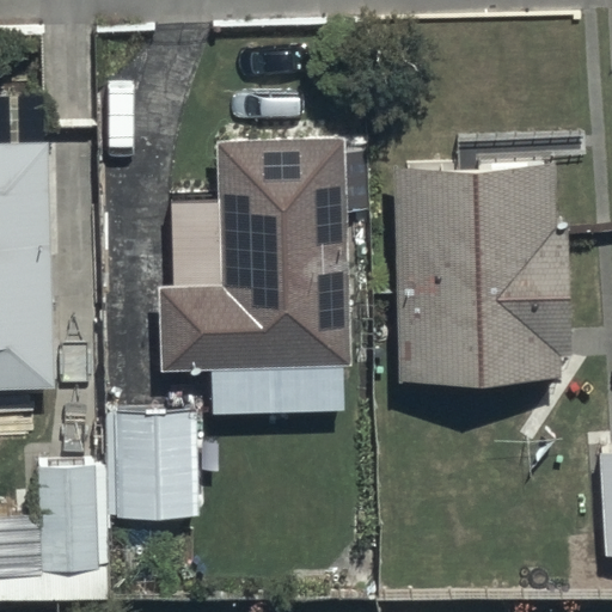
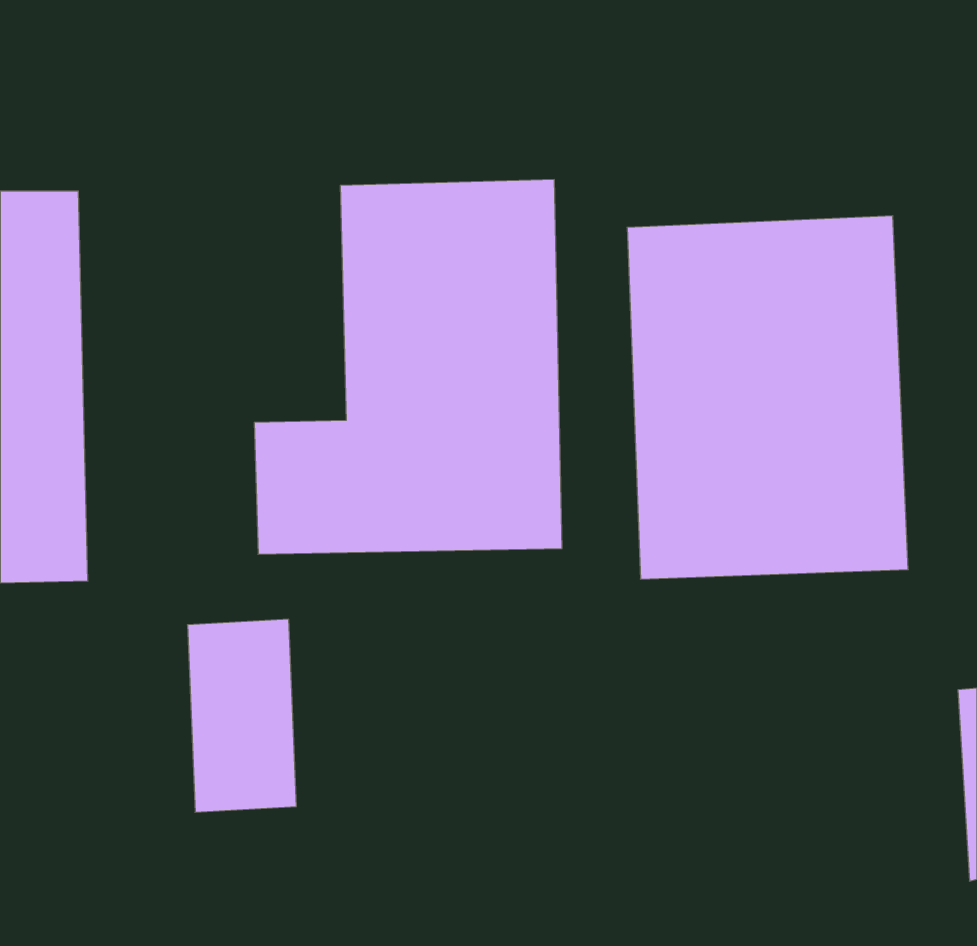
building: [37,466,104,604] -> none

